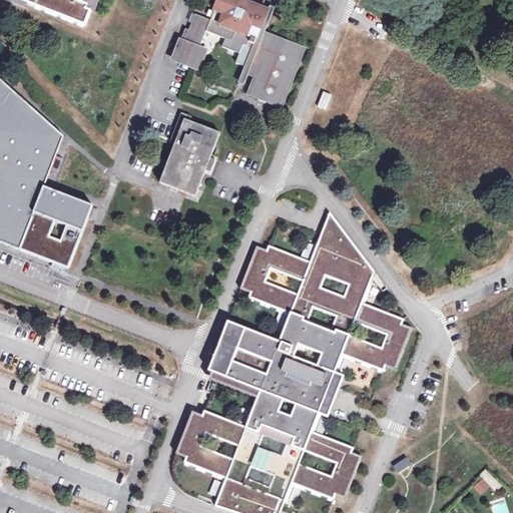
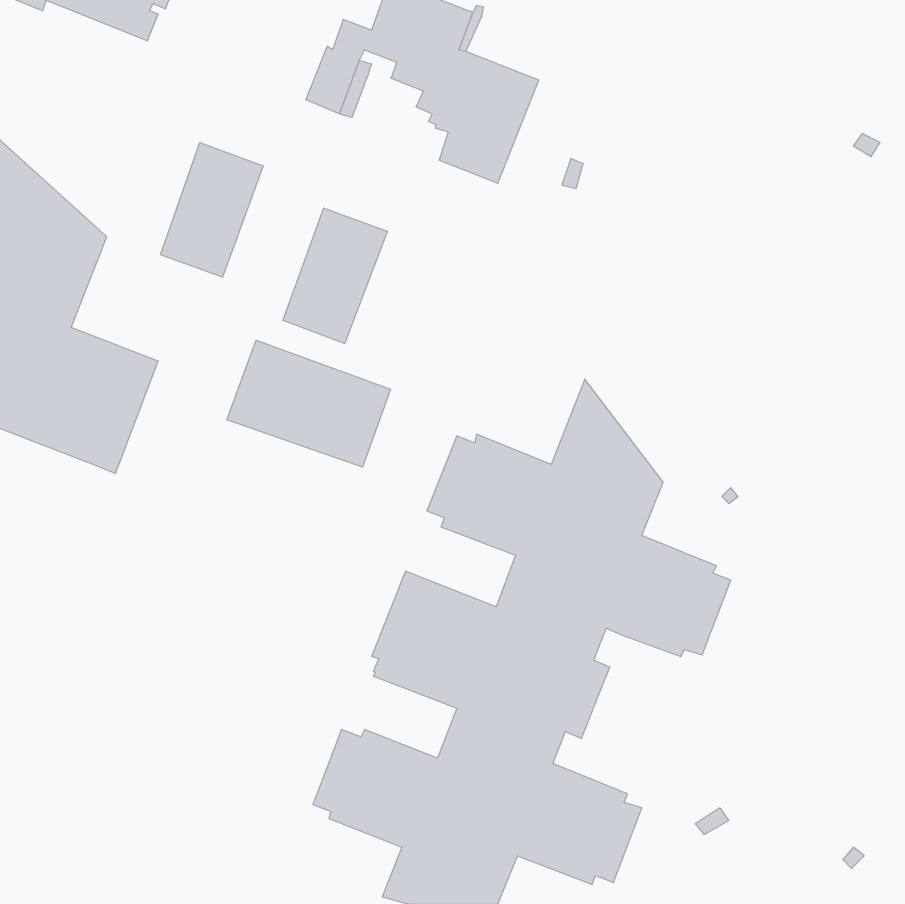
building: none -> [161,143,263,277]
building: none -> [227,340,391,467]

